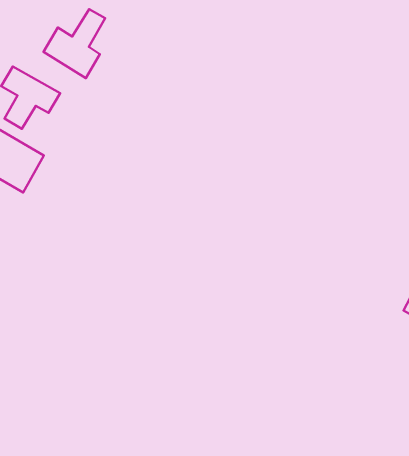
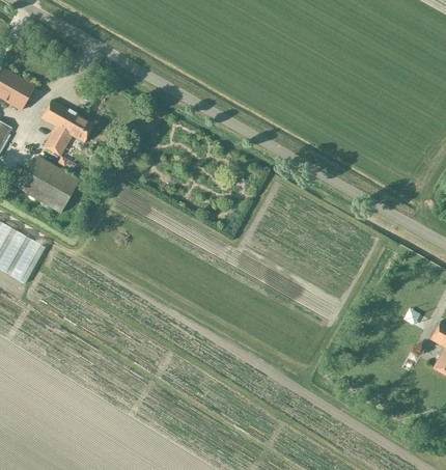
building: [44,9,105,78] -> none

